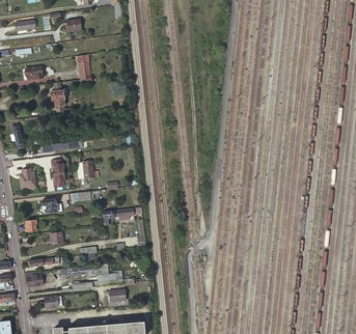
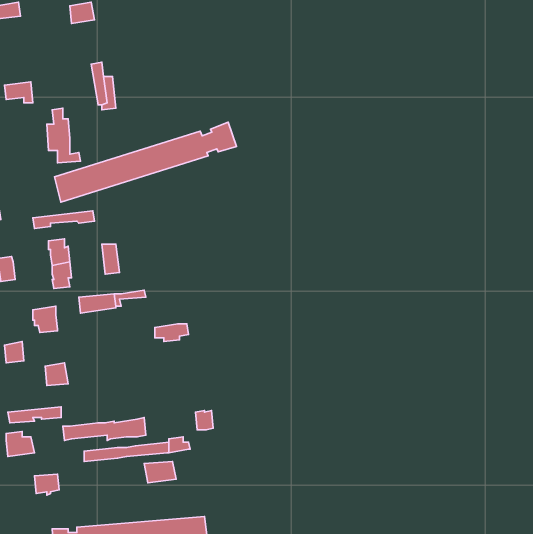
building: none -> [55,122,236,202]

